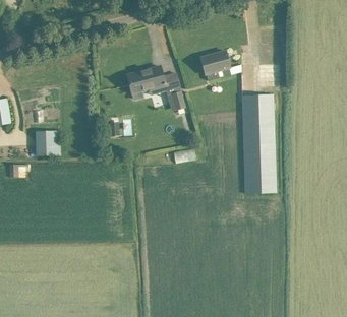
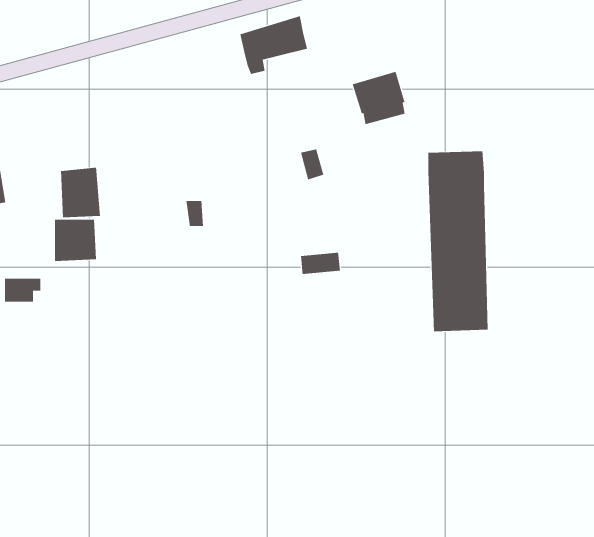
building: [127,65,165,98] -> [240,16,308,75]
building: none -> [61,167,100,218]

